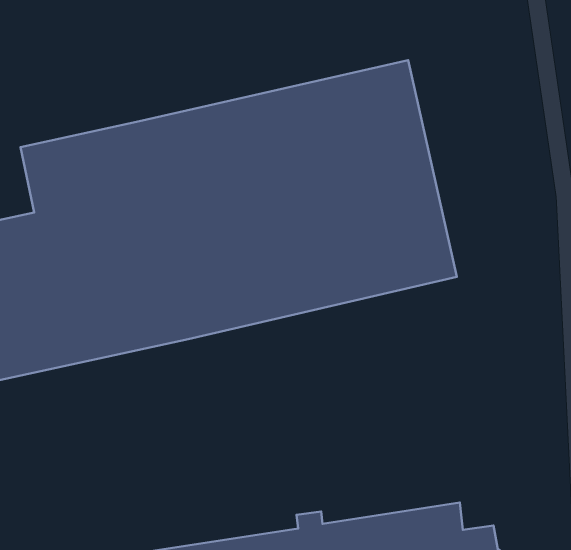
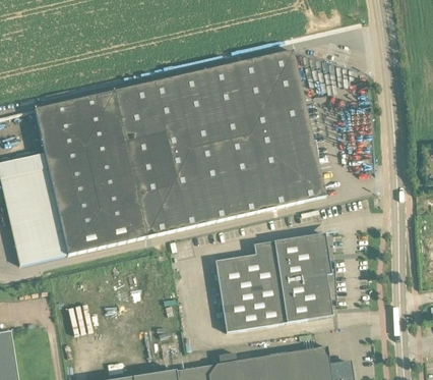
building: none -> [214,232,336,331]

